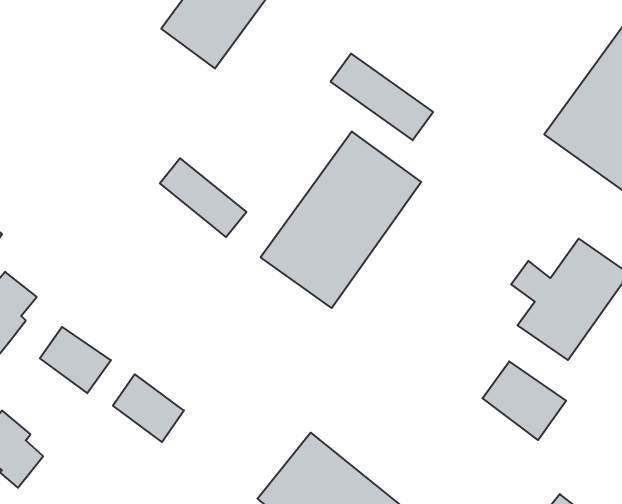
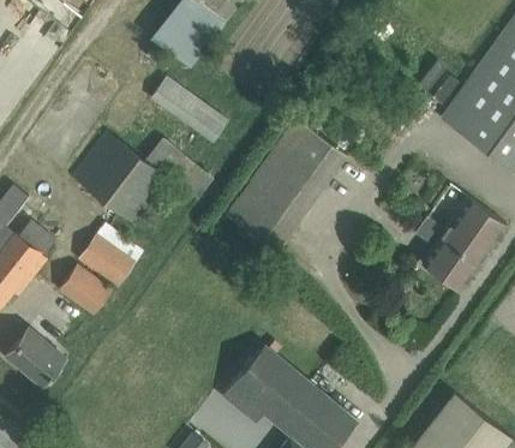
building: [331,54,433,140] -> [151,74,229,141]
building: none -> [71,129,172,226]
building: [482,361,566,440] -> none
building: [113,374,184,442] -> [80,235,134,287]

